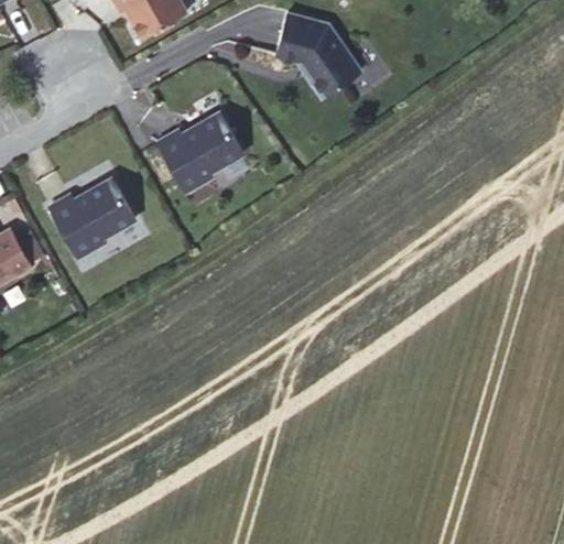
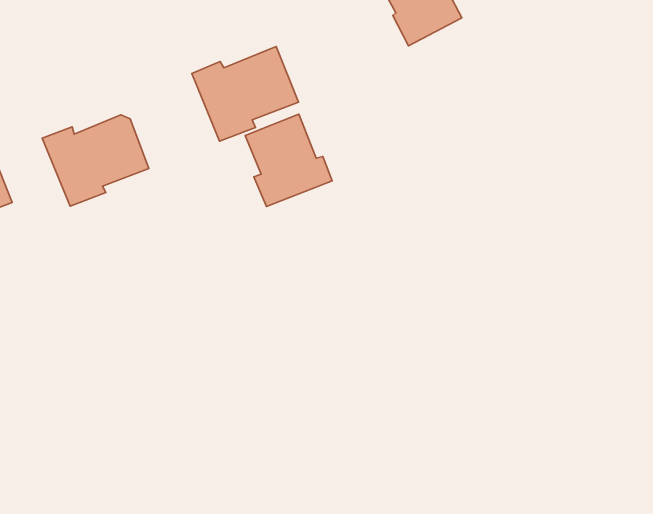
building: none -> [245,114,332,206]

